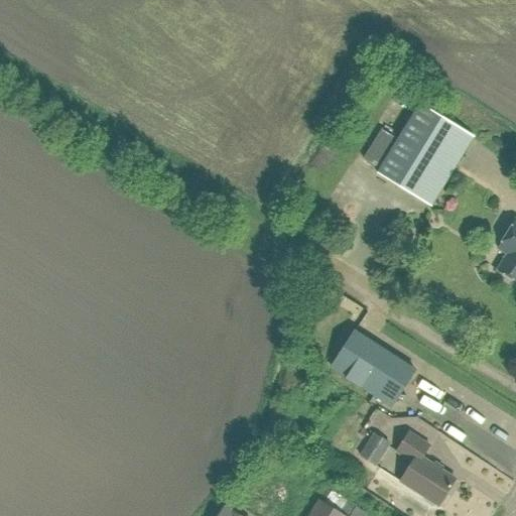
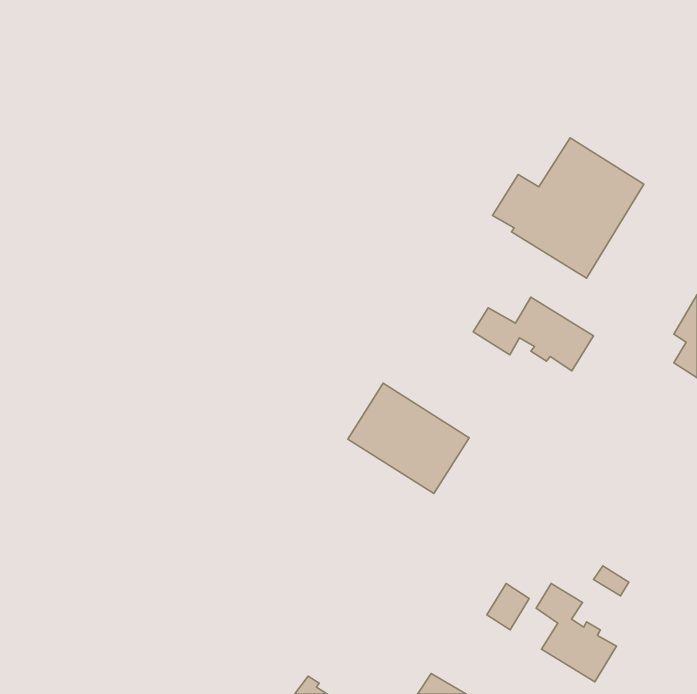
building: none -> [473,297,593,371]
building: [328,329,417,410] -> [348,383,469,494]

